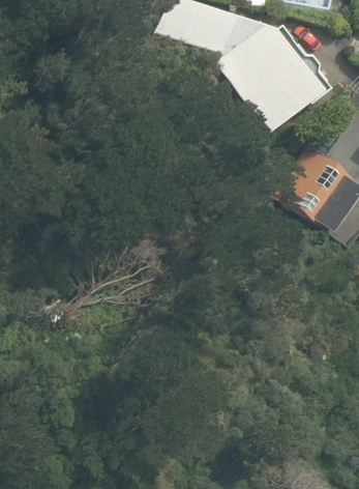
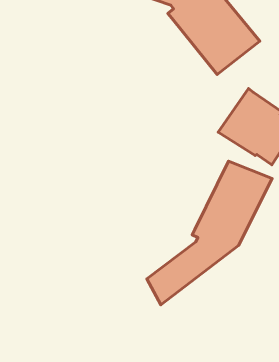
building: none -> [147,161,272,305]

